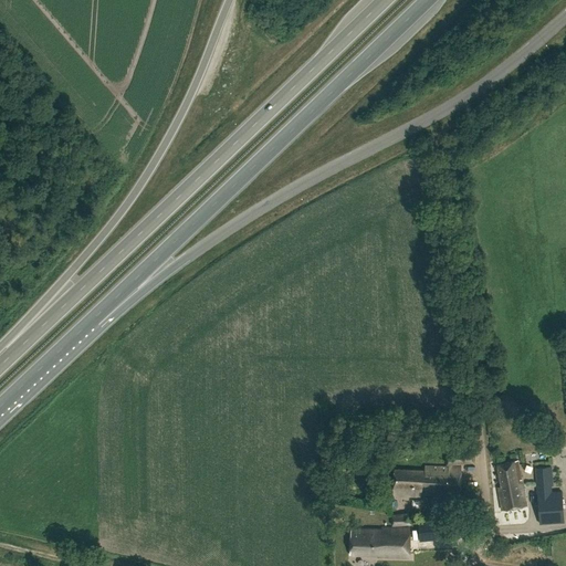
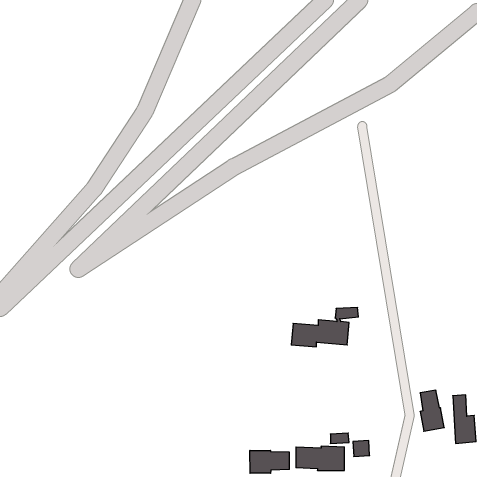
building: [392,450,472,496] -> [291,308,358,347]
building: none -> [250,450,289,473]

